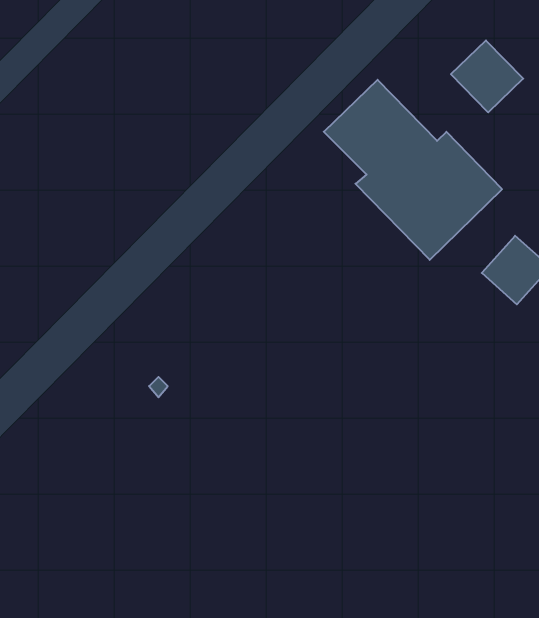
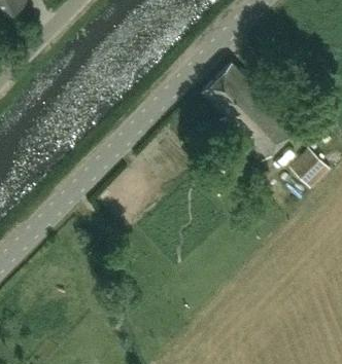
building: [451,40,523,112] -> none

